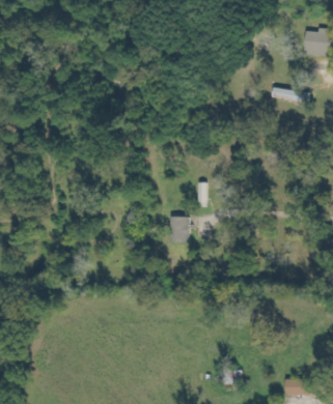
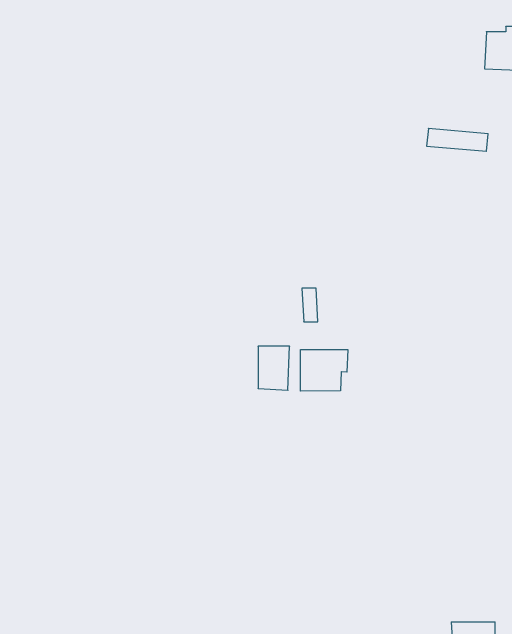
building: none -> [301,350,348,391]

